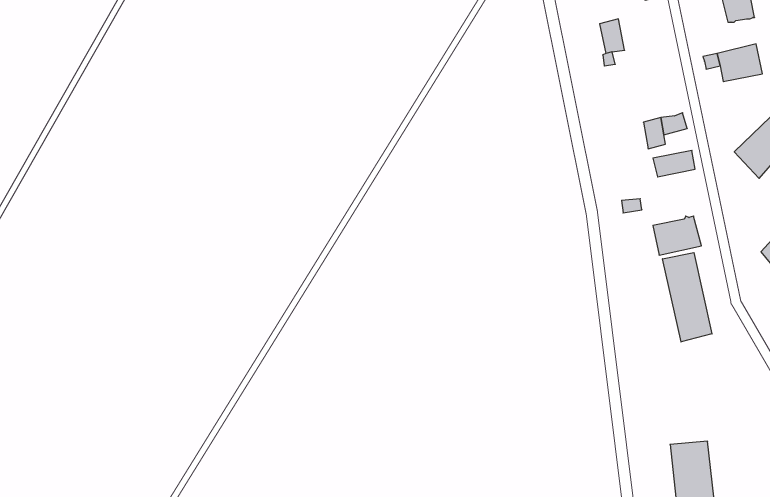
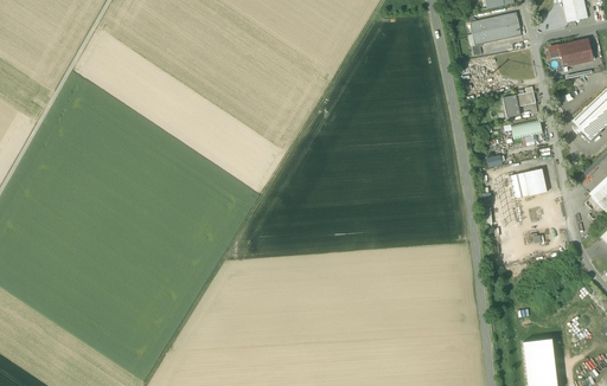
building: none -> [484,12,522,43]
building: [663,253,712,342] -> none

